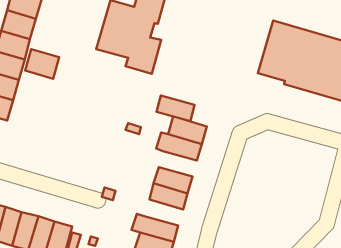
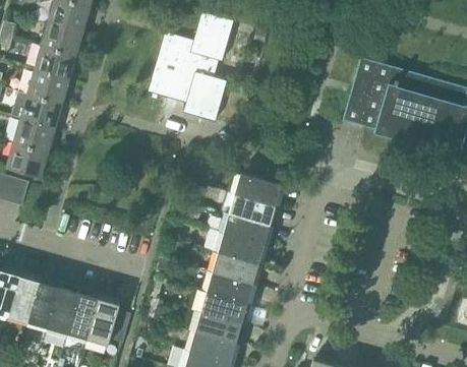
building: [25,49,59,79] -> none
building: [156,96,195,121] -> [223,215,269,245]
building: none -> [206,272,252,304]

